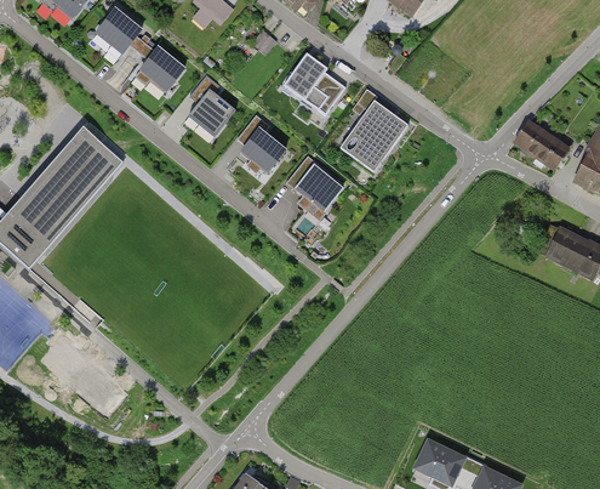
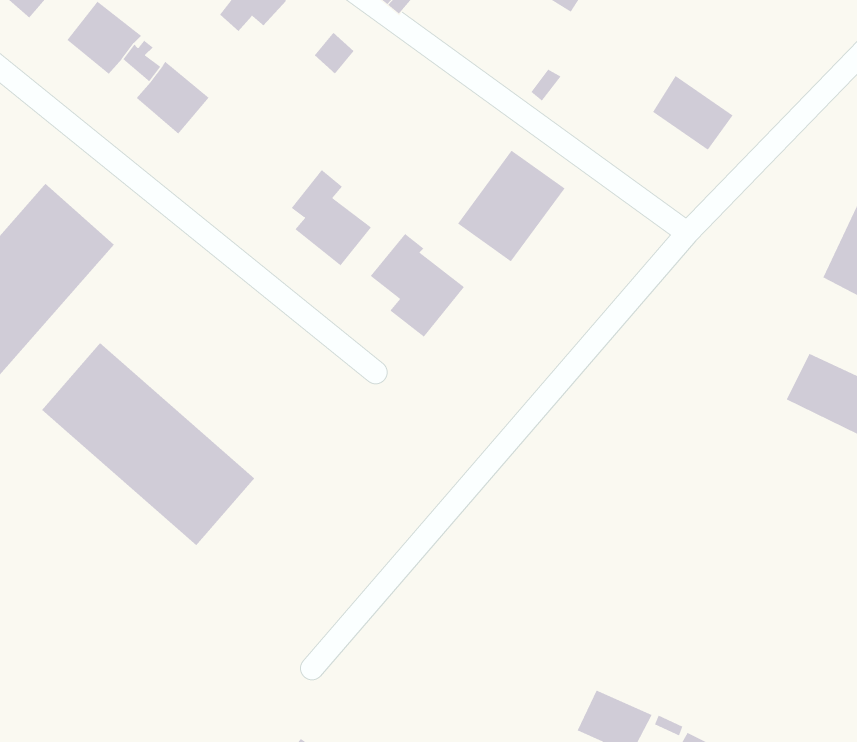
building: [284,52,345,114] -> none
building: [188,75,236,136] -> none
building: [514,125,565,172] -> [652,75,733,150]
building: none -> [41,342,255,546]

